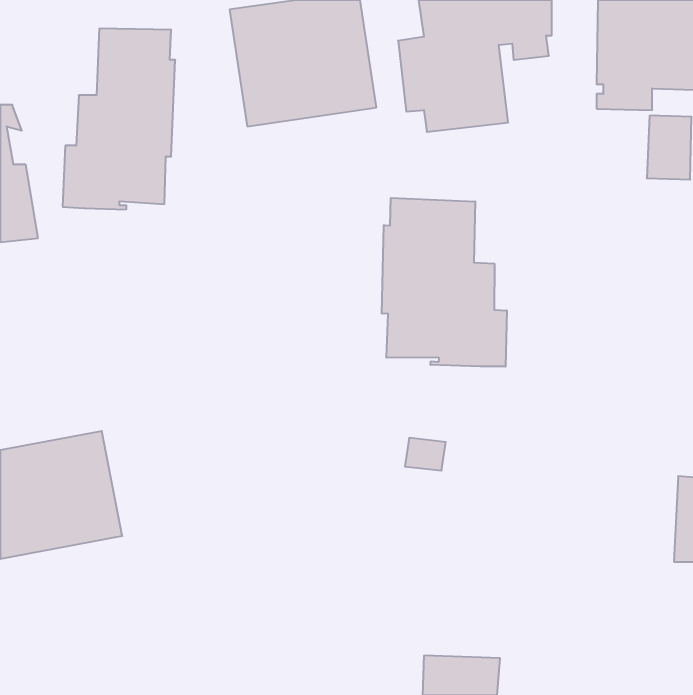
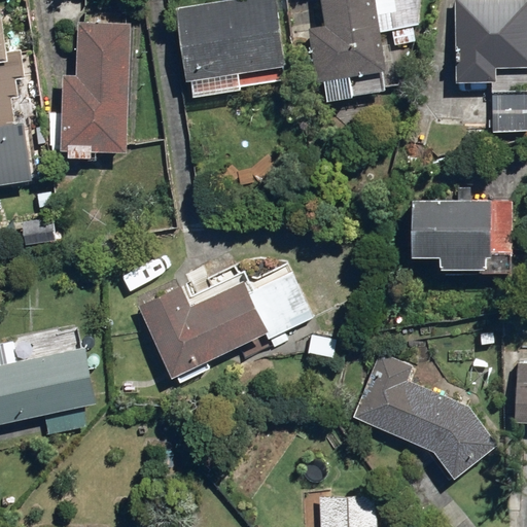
building: [382,198,507,367] -> none
building: none -> [409,201,510,271]
building: none -> [139,269,313,382]
building: none -> [355,355,496,480]

